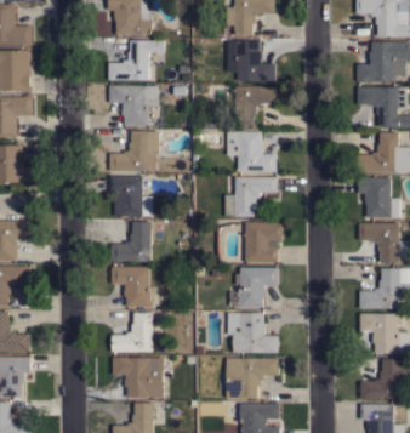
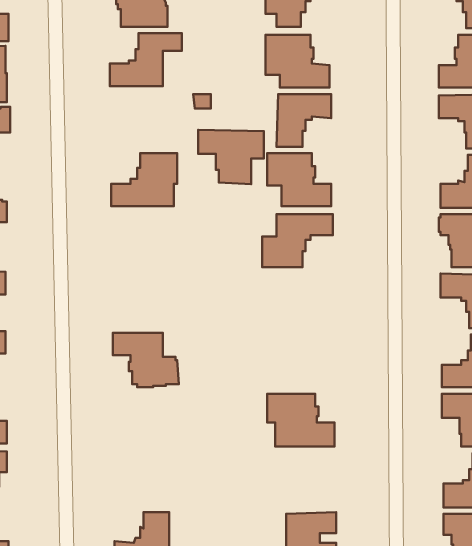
building: [108,85,158,126] -> [198,130,264,184]
building: [110,176,152,216] -> none
building: [110,221,150,261] -> none
building: [244,222,283,262] -> none
building: [227,267,278,307] -> none
building: [110,312,152,352] -> none
building: [112,357,164,398] -> none
building: [217,358,279,398] -> none

